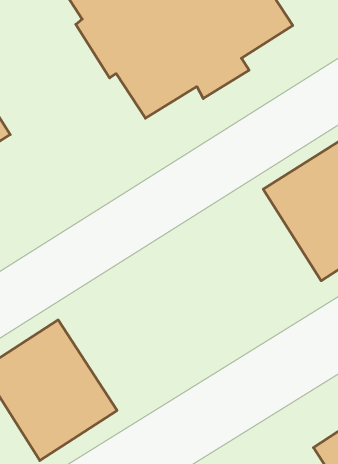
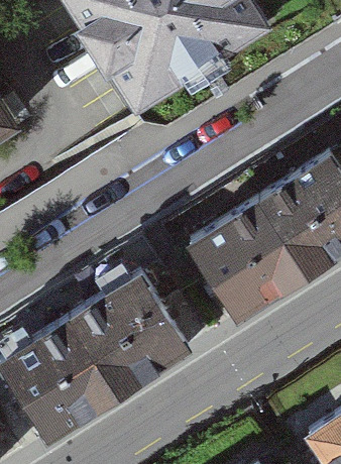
building: none -> [184,192,309,321]
building: none -> [66,266,192,396]

